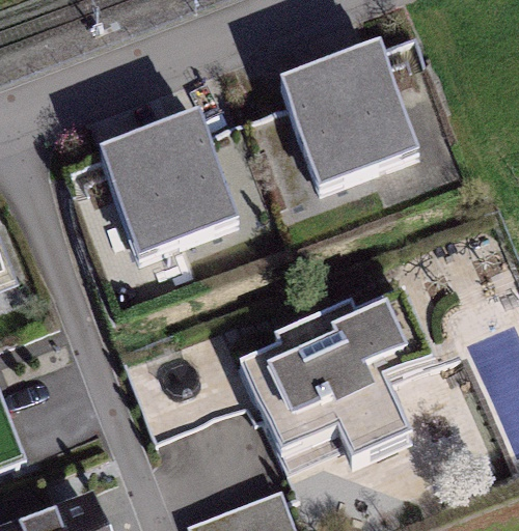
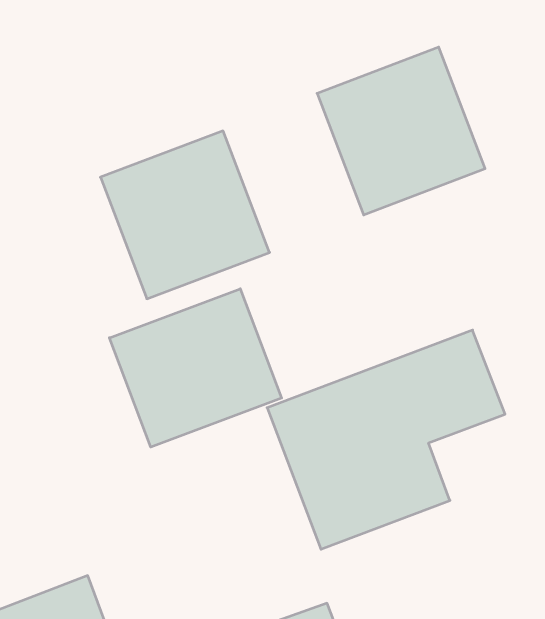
building: none -> [109,289,282,447]

